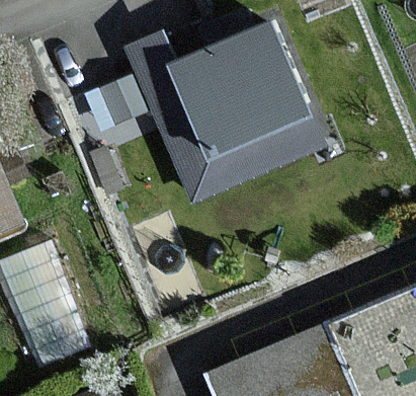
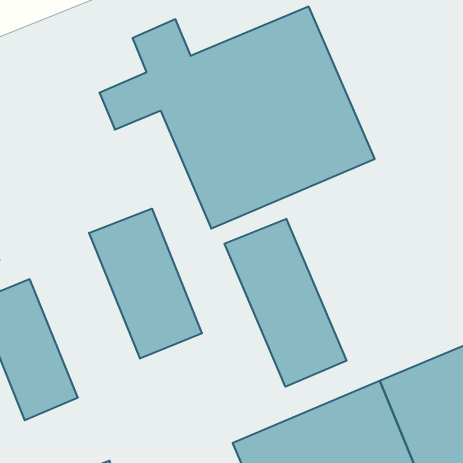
building: none -> [89,209,202,359]
building: none -> [224,219,346,387]

